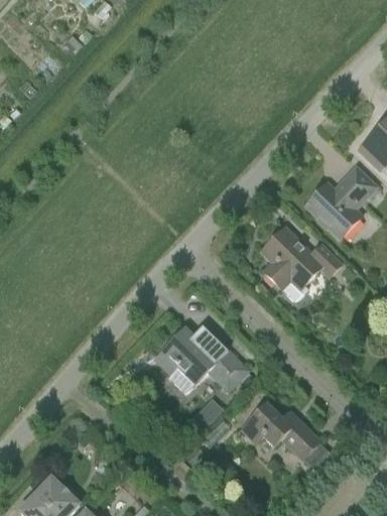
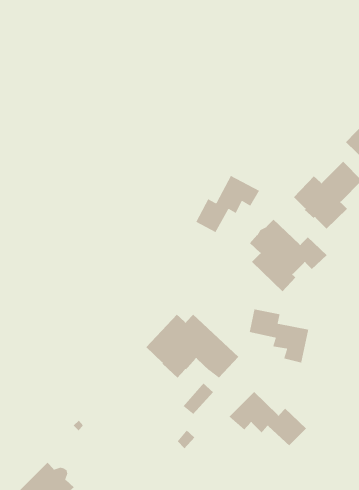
building: none -> [195,175,260,233]
building: none -> [249,309,309,363]

